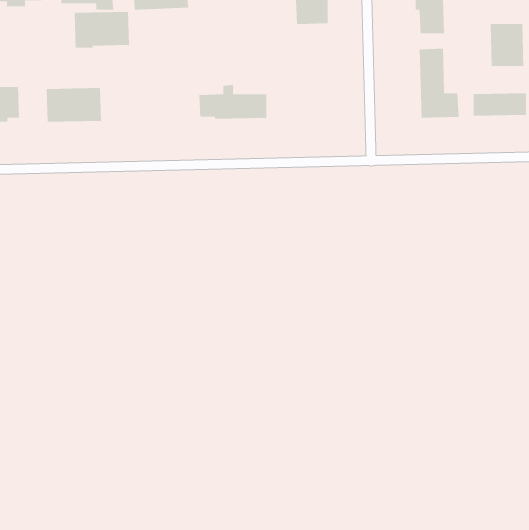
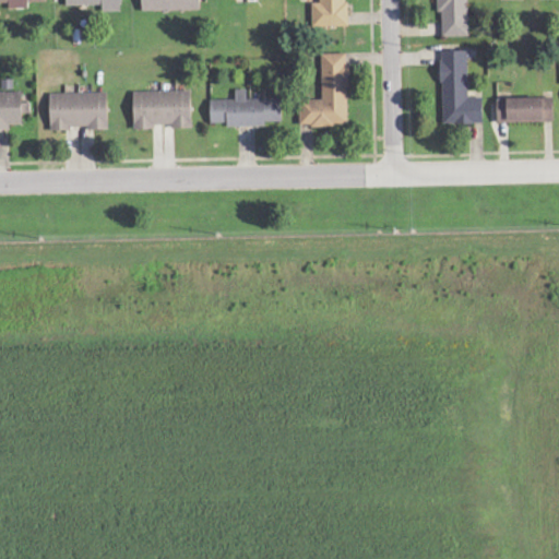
building: [74,11,130,49] -> [132,90,191,129]
building: [490,23,524,67] -> none
building: none -> [298,52,348,127]

